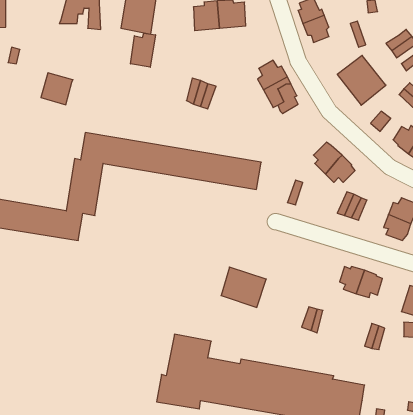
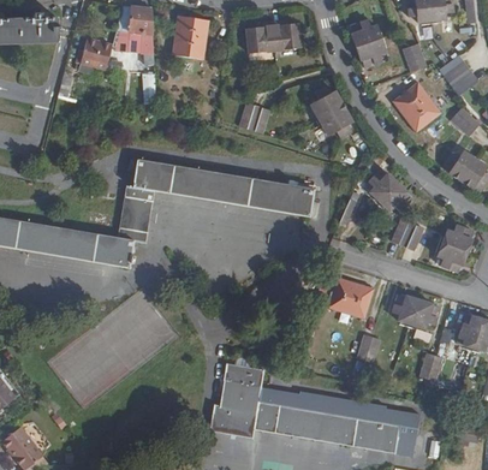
building: [131,33,155,67] -> none
building: [41,73,73,105] -> [78,37,111,70]
building: [221,267,266,307] -> [327,279,373,320]

